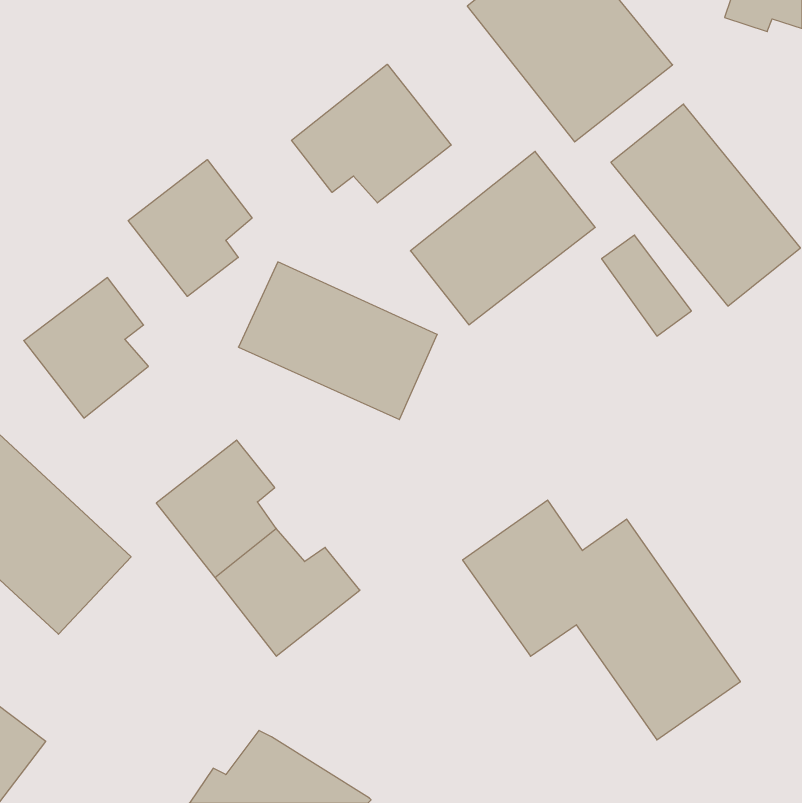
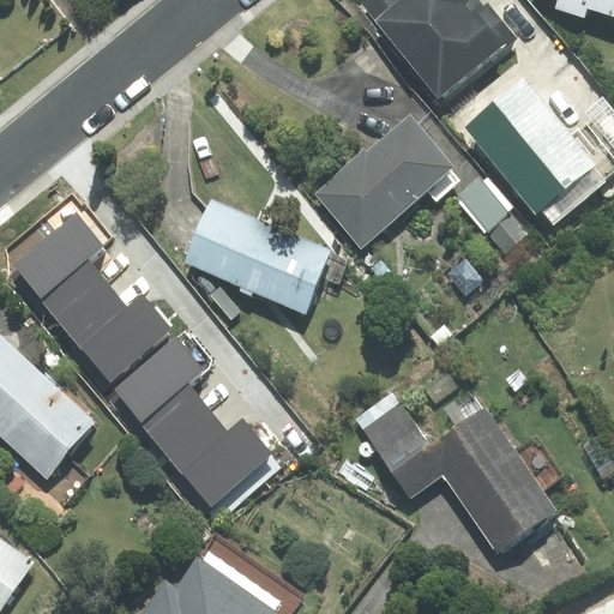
building: [292,64,451,203] -> none
building: [128,160,252,296] -> none
building: none -> [64,278,174,377]

